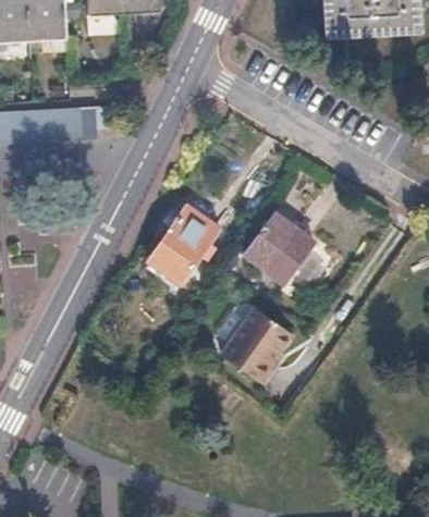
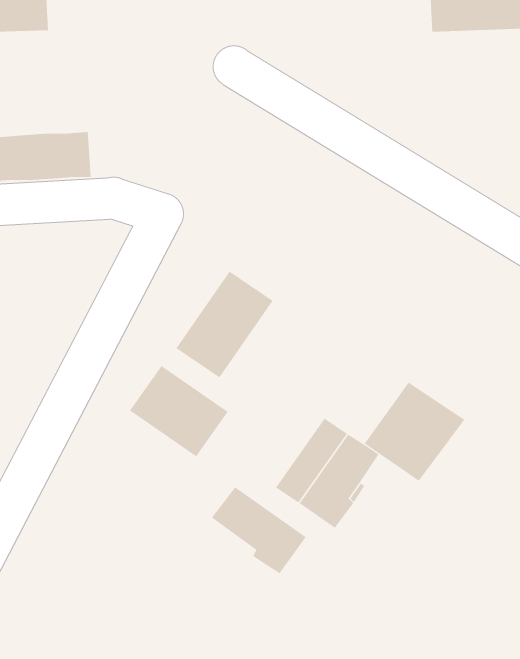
building: [244,211,314,280] -> [364,382,465,481]
building: none -> [129,365,228,457]
building: none -> [211,486,306,574]

